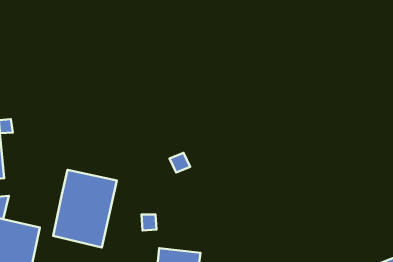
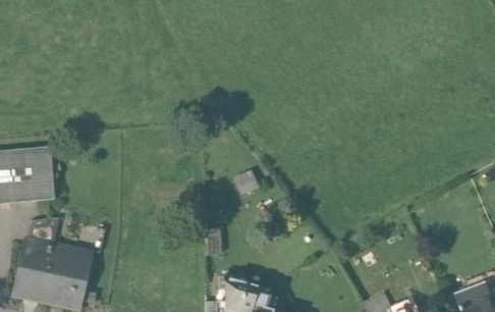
building: [53,170,117,247] -> none

